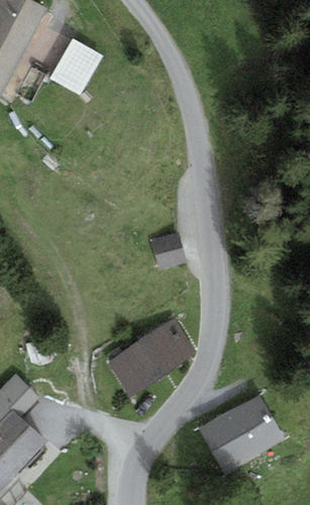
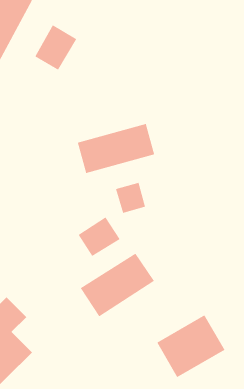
building: none -> [77,123,155,174]
building: none -> [78,217,121,257]

